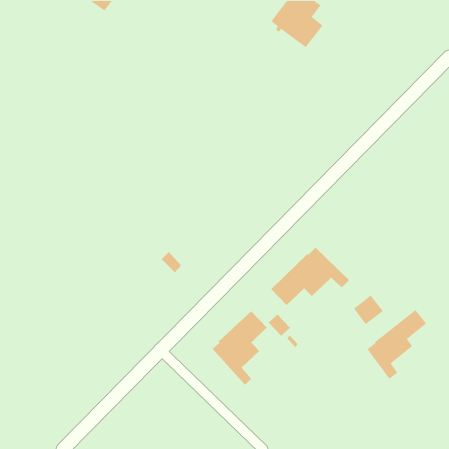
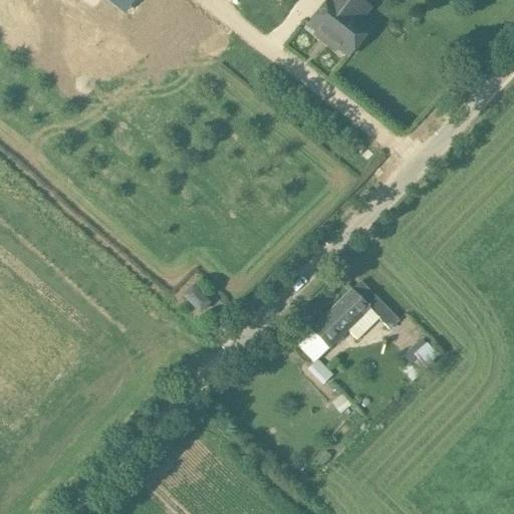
building: [366,309,427,380] -> none
building: [212,310,268,385] -> none

